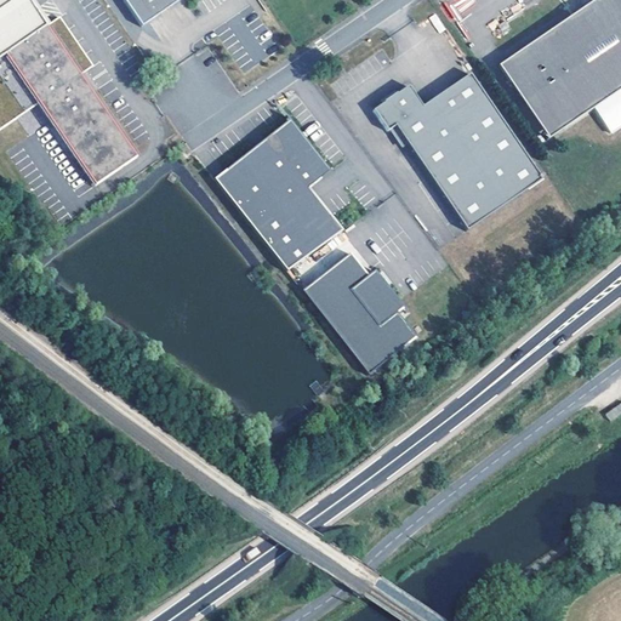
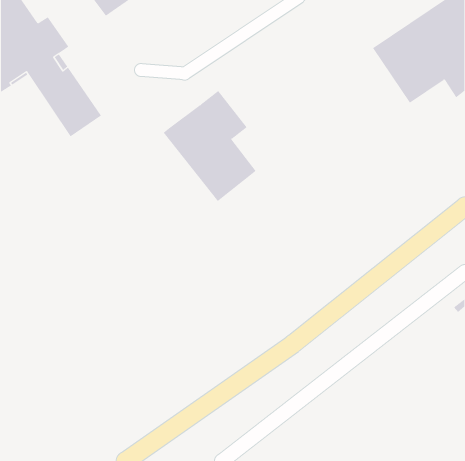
building: [376,72,543,228] -> none
building: [303,250,417,372] -> none

